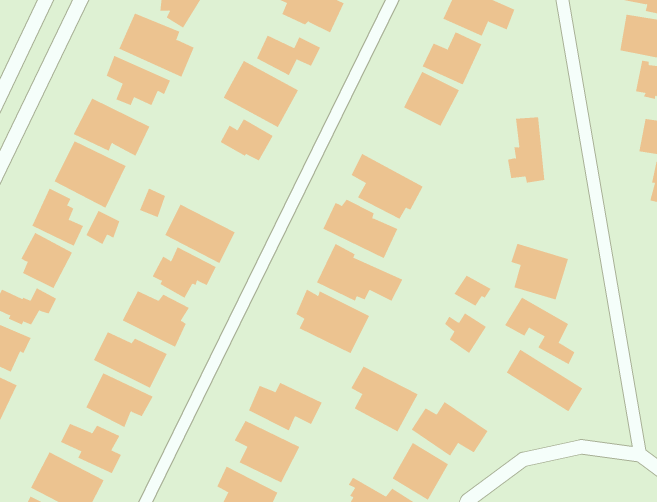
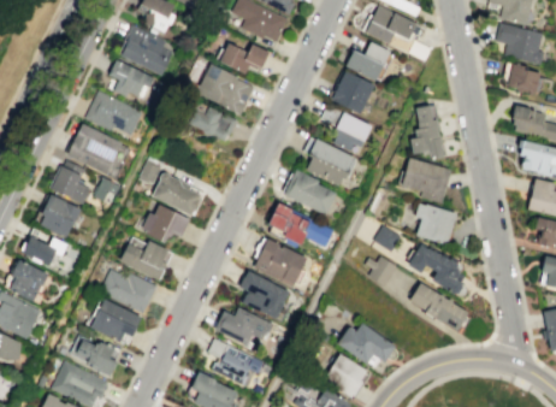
building: none -> [324,111,365,148]
building: none -> [401,159,450,204]
building: [351,366,419,432] -> [239,270,291,320]

